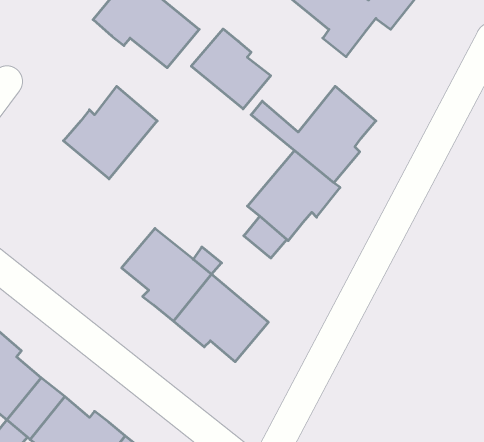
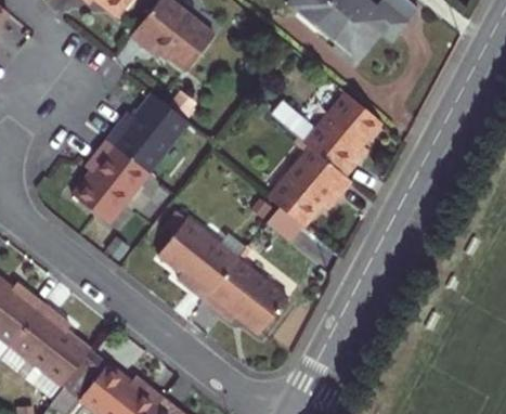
building: [191,29,271,109] -> none
building: none -> [70,139,146,222]

